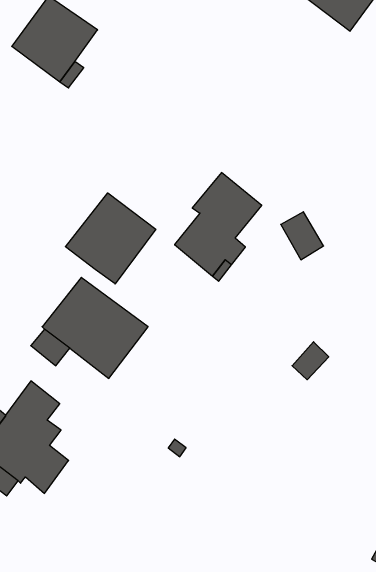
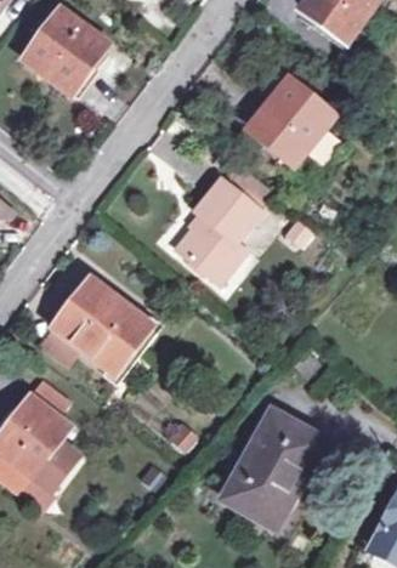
building: none -> [249,78,333,164]
building: [65,193,156,284] -> none
building: none -> [219,410,323,532]

